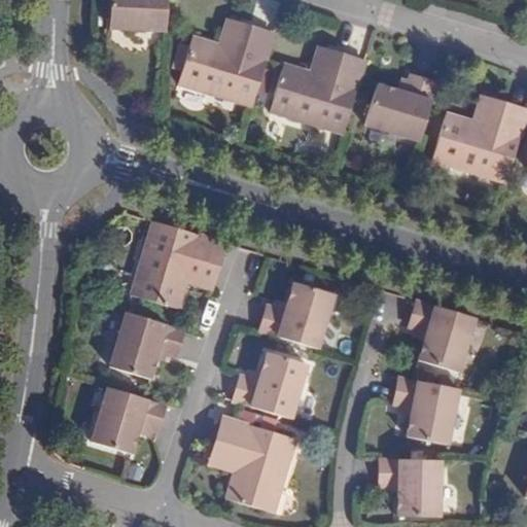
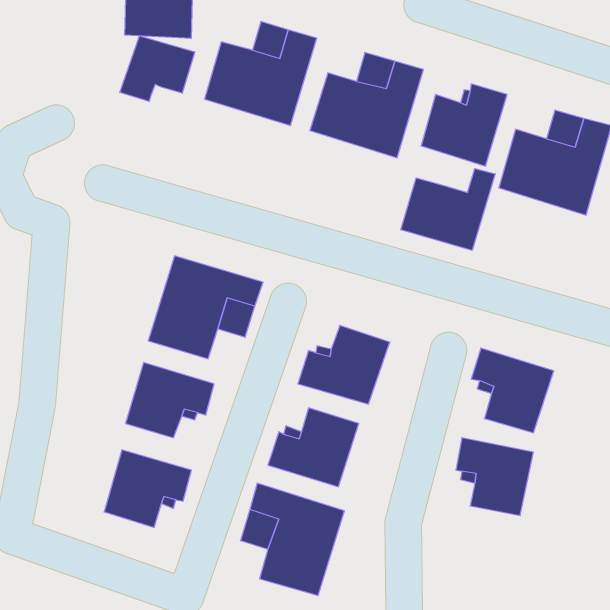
building: none -> [120,36,195,102]
building: none -> [401,169,495,250]
building: [379,459,443,516] -> none

